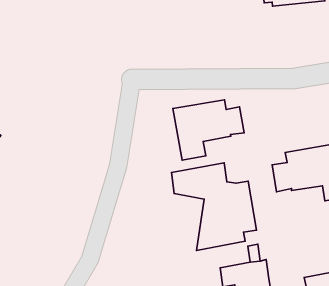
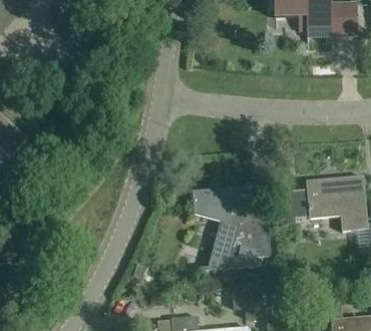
building: [173,100,244,160] -> none

